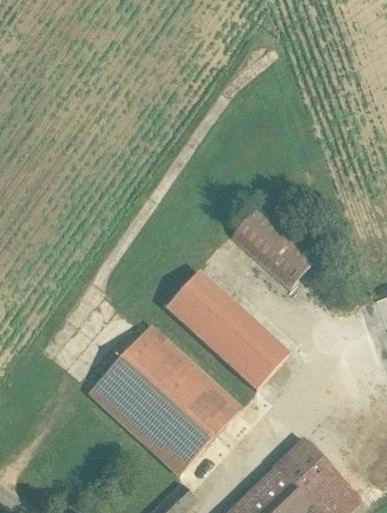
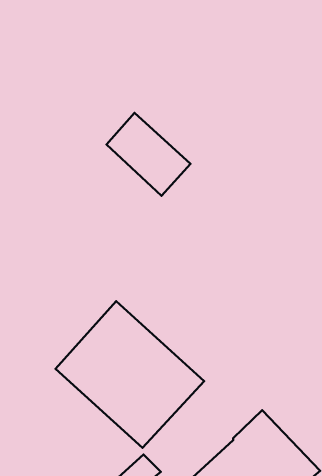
building: [233,204,320,291] -> [107,113,191,196]
building: [166,272,292,392] -> none

